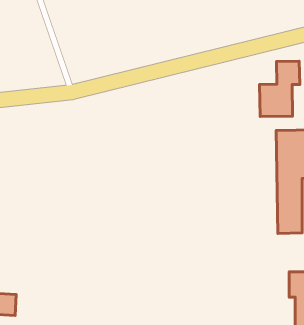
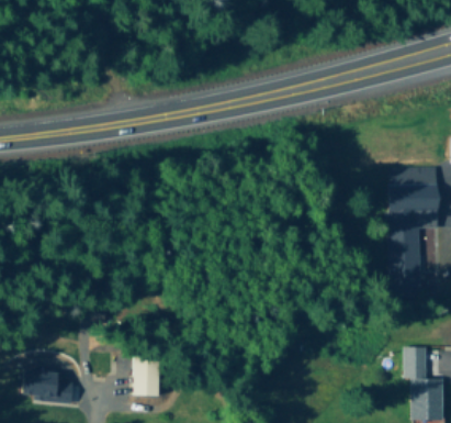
building: [260,61,300,117] -> none
building: none -> [132,357,158,397]

